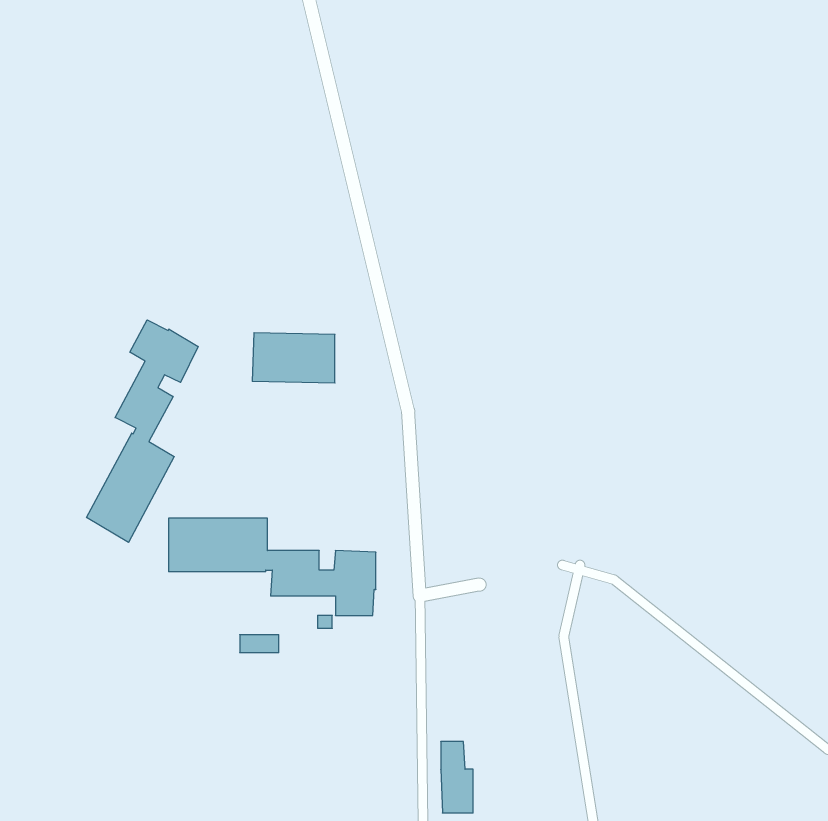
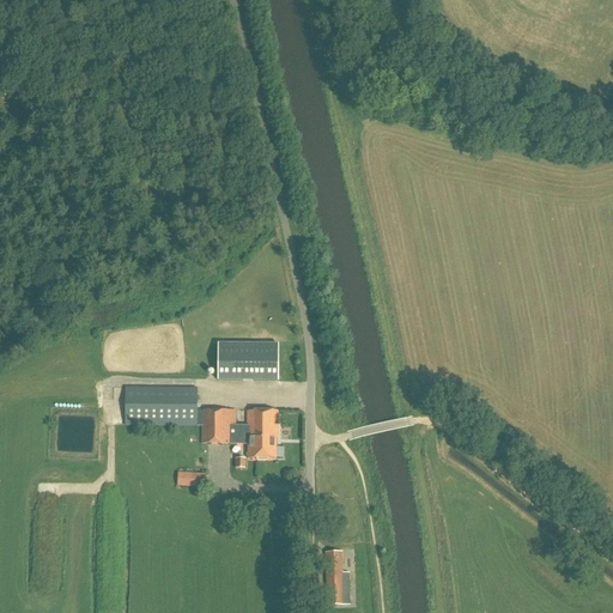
building: [87,320,198,542] -> none
building: [252,333,335,383] -> [218,340,279,377]

